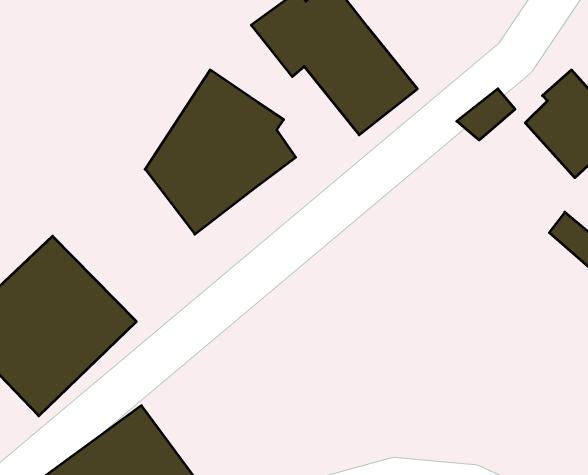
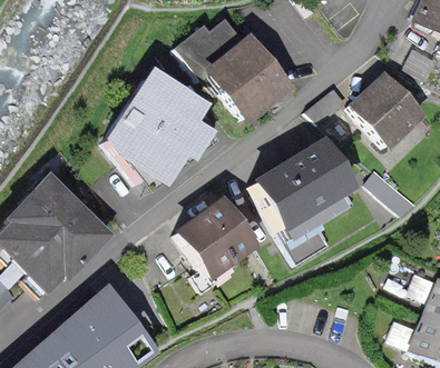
building: none -> [252,140,358,260]
building: none -> [178,201,251,273]

